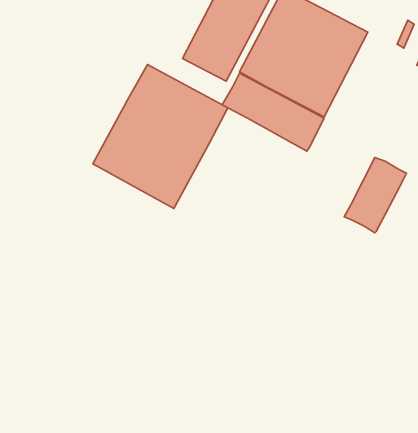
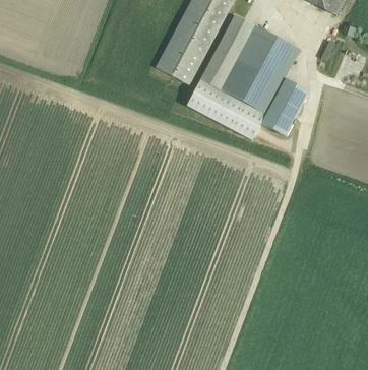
building: [93,65,228,208] -> none
building: [344,157,407,233] -> [260,77,308,135]

